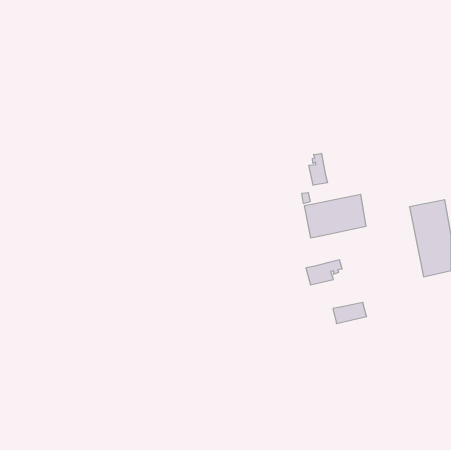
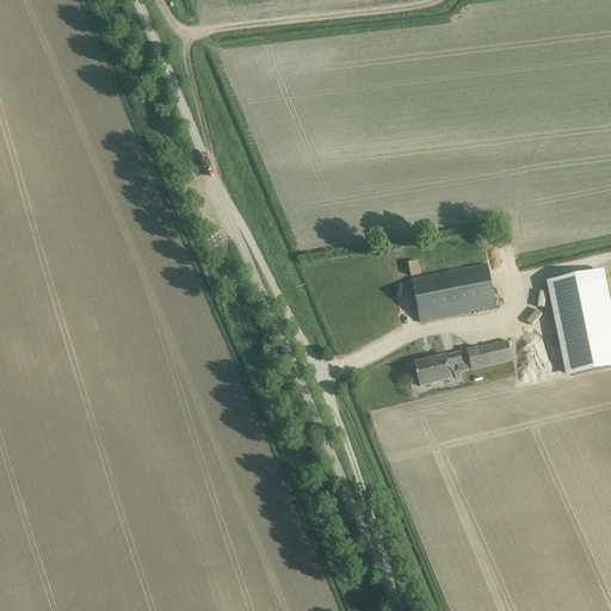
building: [309,153,327,185] -> none
building: [333,302,367,324] -> [465,340,511,369]

